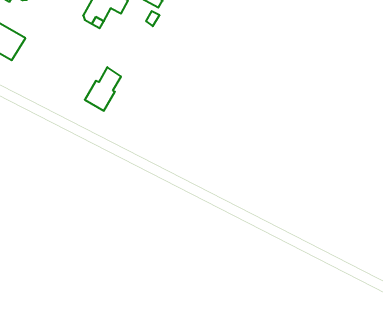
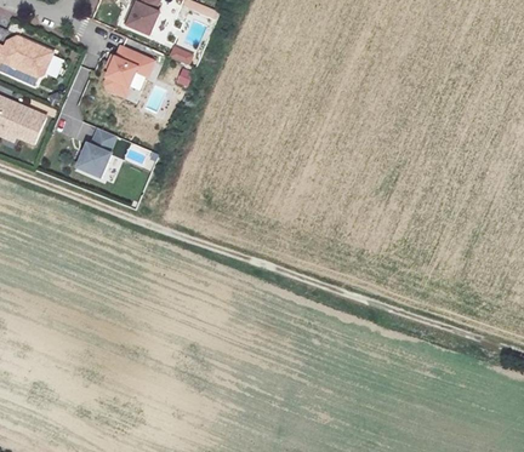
building: [85,67,121,111] -> [78,127,115,177]

